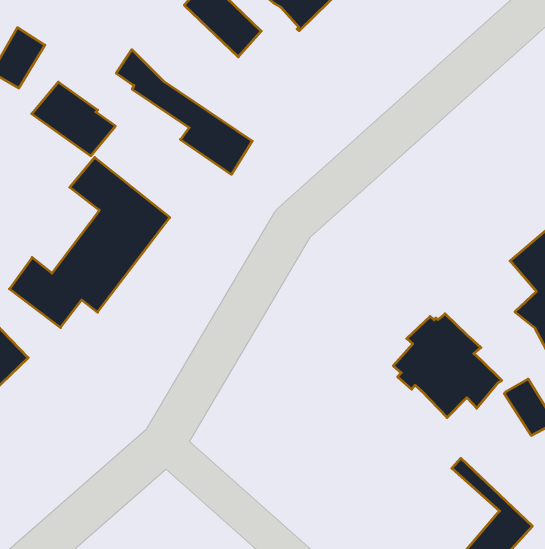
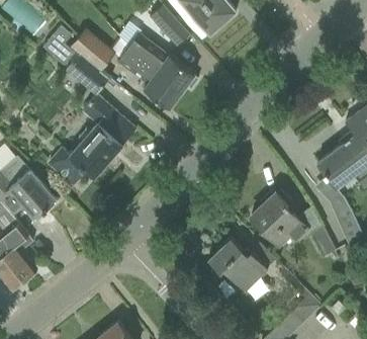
building: none -> [120,27,198,92]
building: none -> [71,30,114,71]
building: none -> [207,237,275,290]

